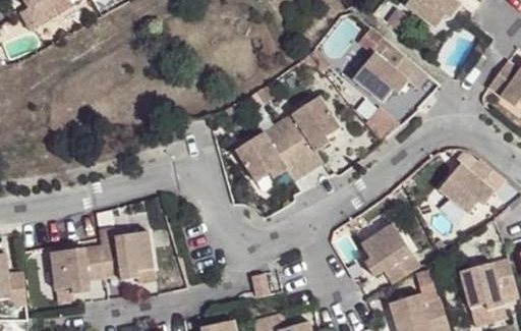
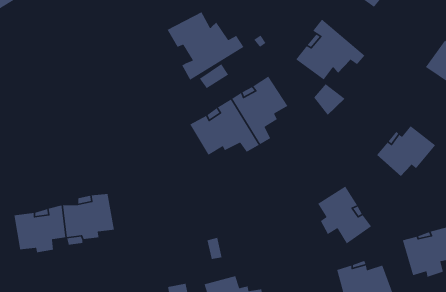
building: none -> [167,11,245,81]

